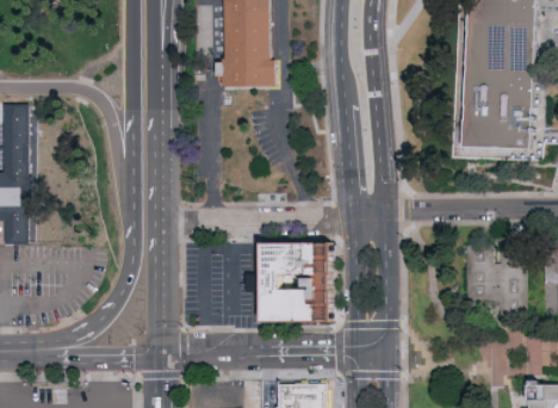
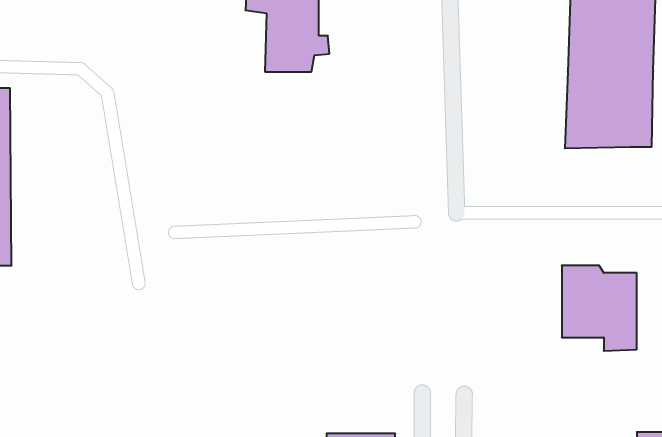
building: [255,240,323,320] -> none

